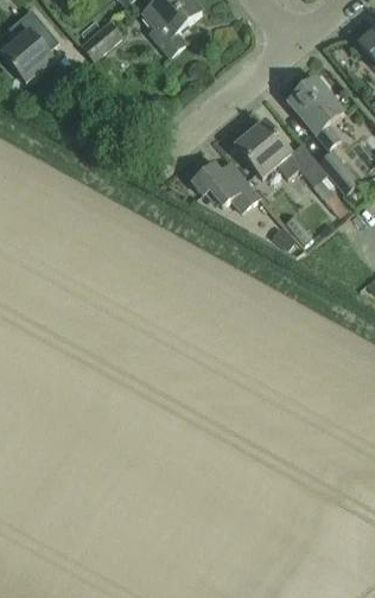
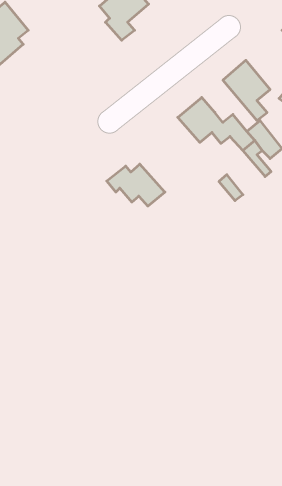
building: [80,18,122,59] -> none
building: [191,160,260,210] -> [107,164,165,206]

